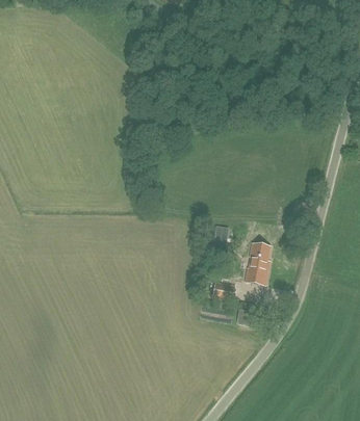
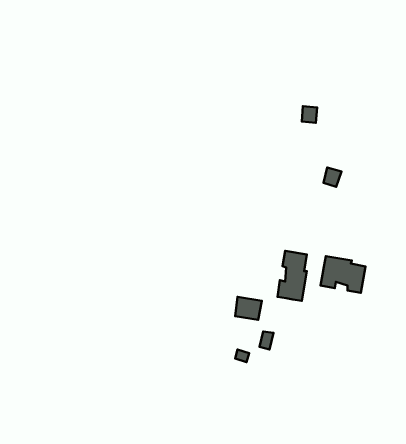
building: none -> [320,256,365,293]

